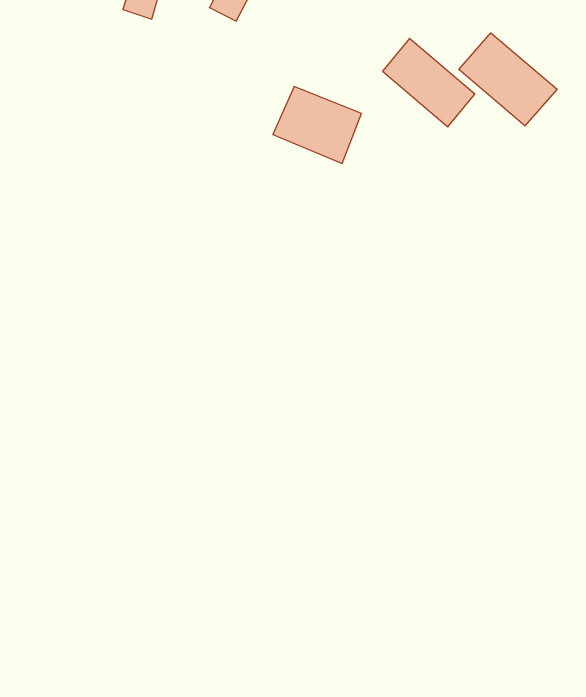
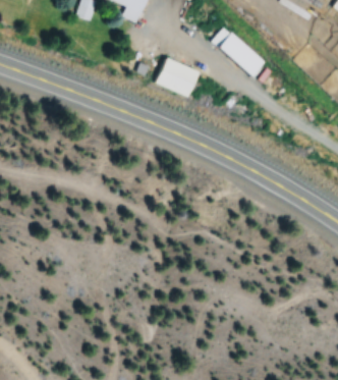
building: [459,33,557,126] -> none

